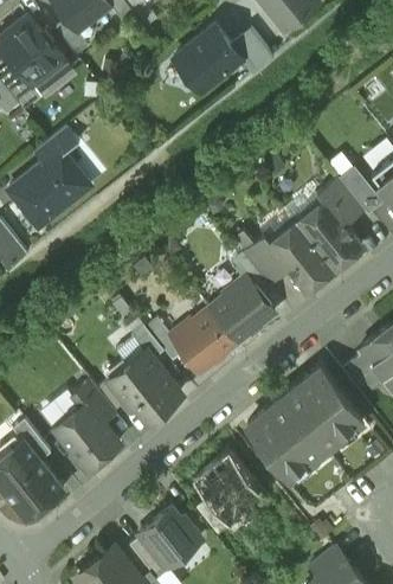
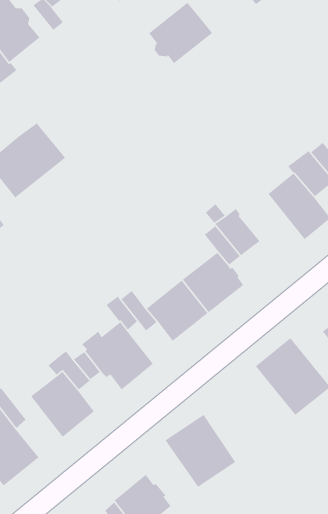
building: [232,28,275,73] -> none
building: [34,126,79,162] -> none
building: [269,222,335,291] -> none
building: [247,398,326,479] -> none

